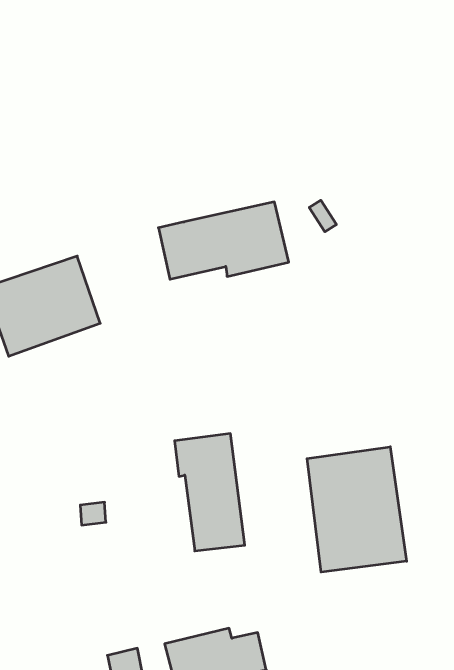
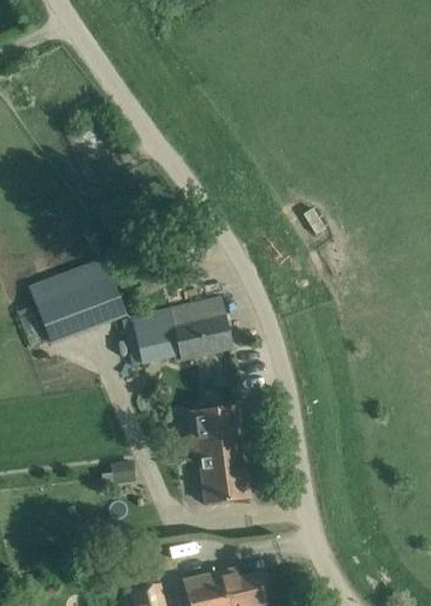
building: [158,202,289,279] -> [124,298,234,363]
building: [307,447,407,572] -> none

